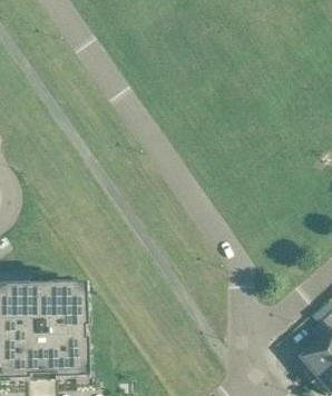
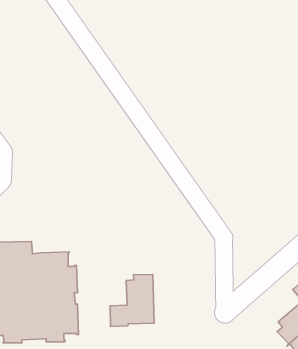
building: none -> [110,274,154,327]

